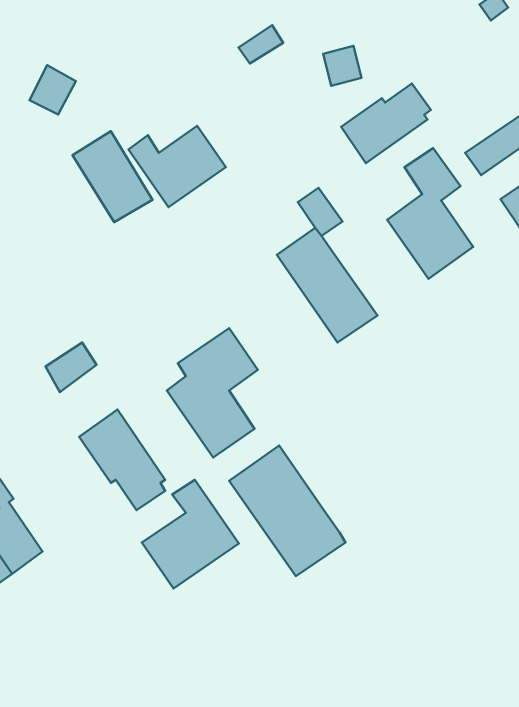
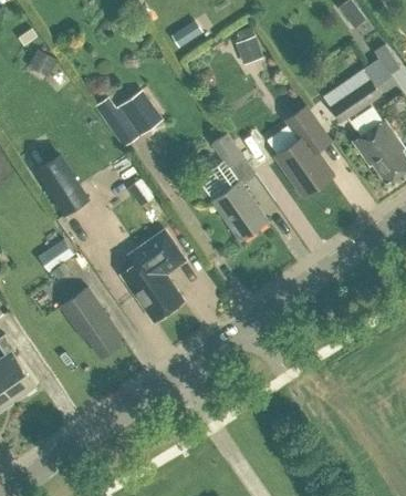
building: [341,84,431,163] -> none
building: [73,131,152,222] -> [38,152,93,215]
building: [229,445,345,576] -> none
building: [142,480,239,588] -> none

